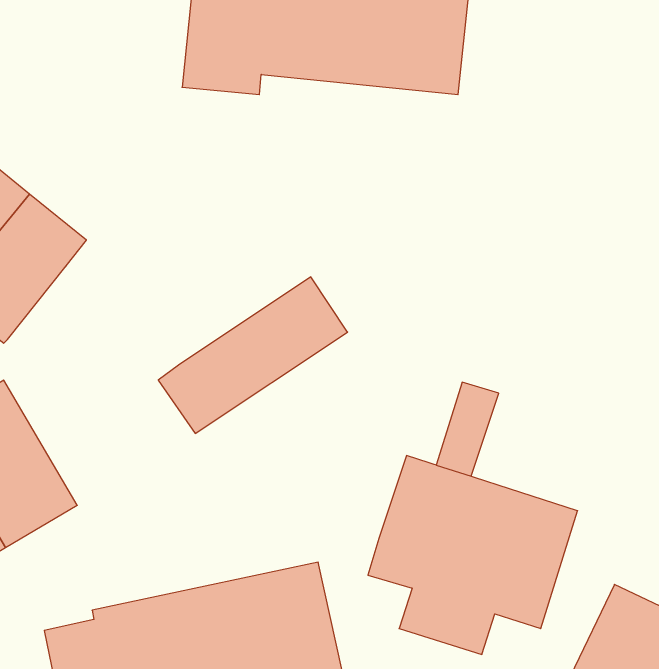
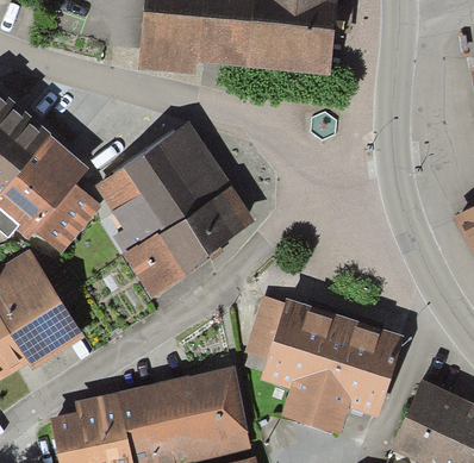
building: none -> [99,126,226,245]
building: none -> [30,181,96,251]
building: [436,382,499,476] -> [248,296,288,357]

